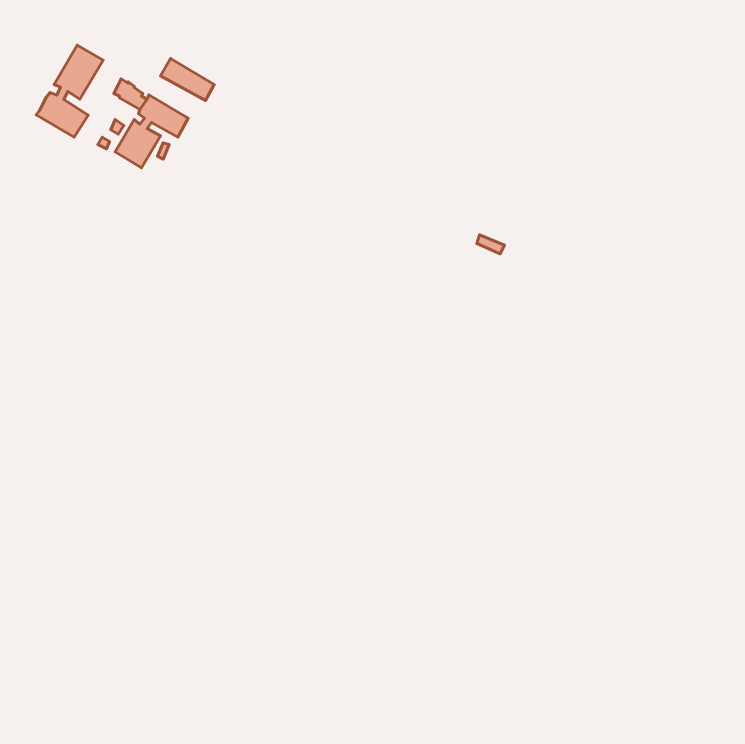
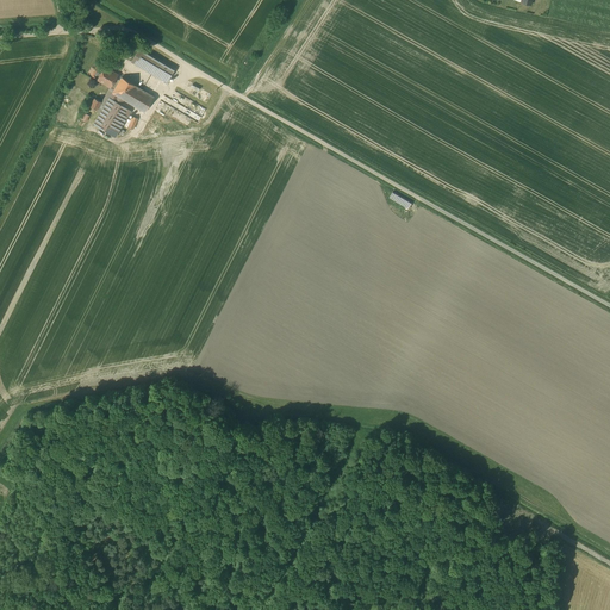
building: [36,45,103,137] -> none

